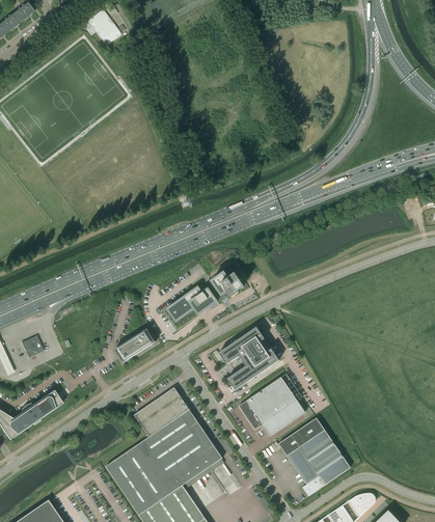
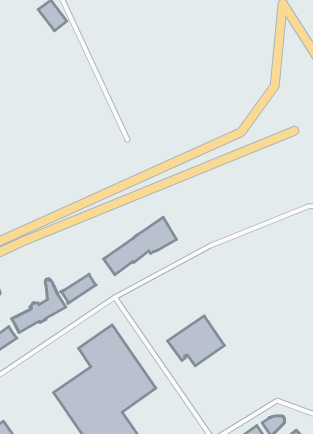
building: [218,326,278,389] -> none
building: none -> [12,279,66,332]
building: [278,417,350,495] -> none

